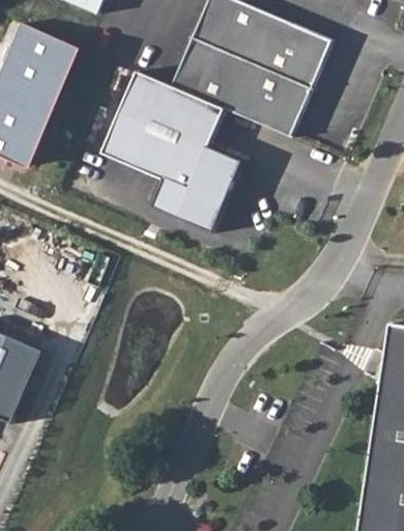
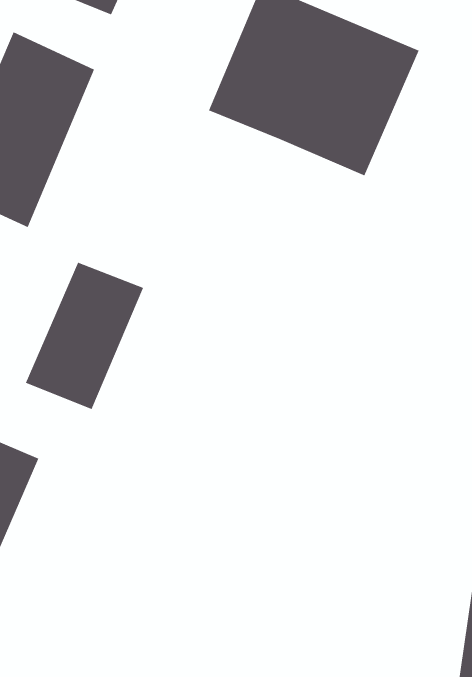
building: [102,69,243,232] -> none
building: none -> [25,262,144,410]

